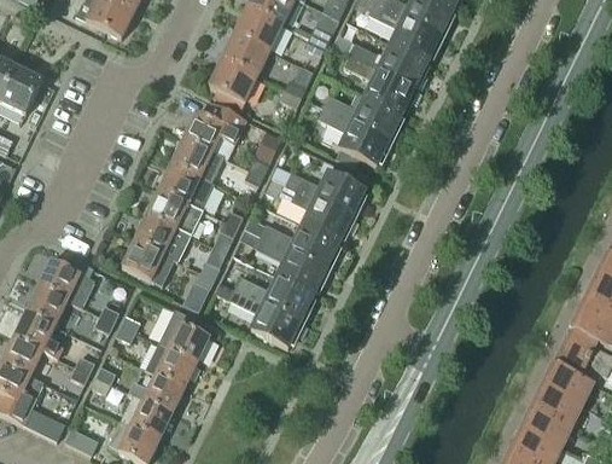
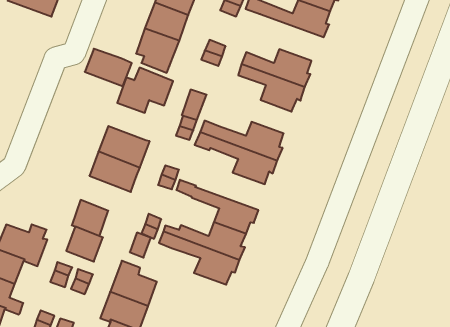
building: [343,58,414,114] -> none
building: [171,140,223,184] -> [85,49,132,86]
building: [134,216,175,256] -> [66,227,103,262]
building: [244,219,336,271] -> none

